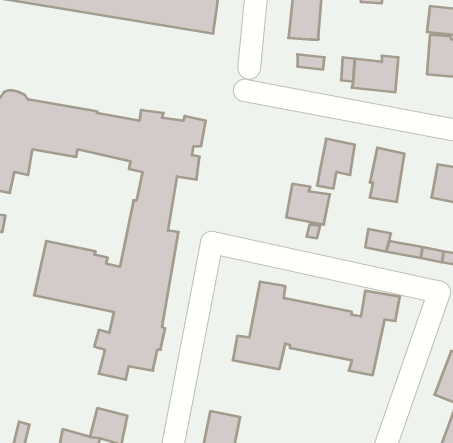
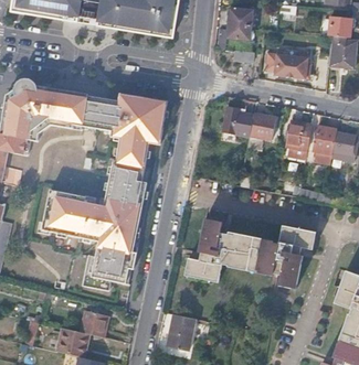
building: none -> [314,126,338,165]
building: [286,184,330,225] -> [223,106,255,136]

